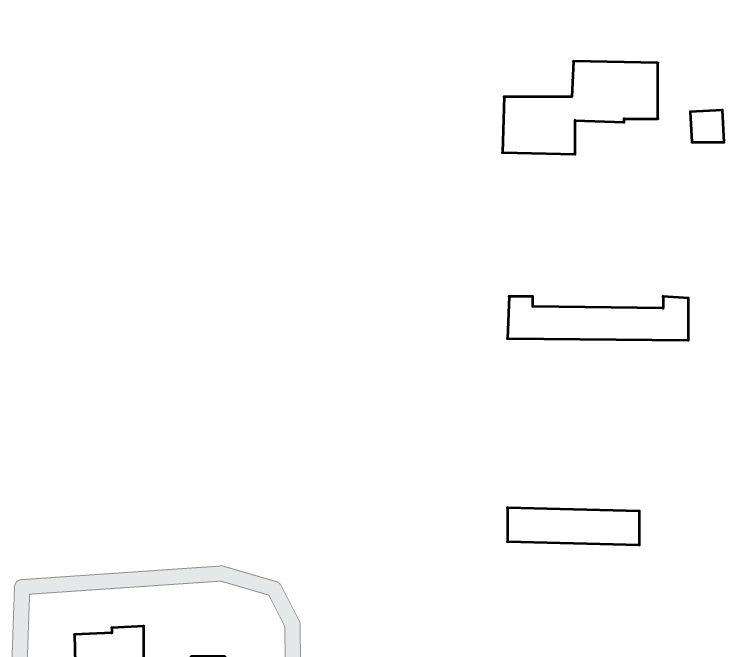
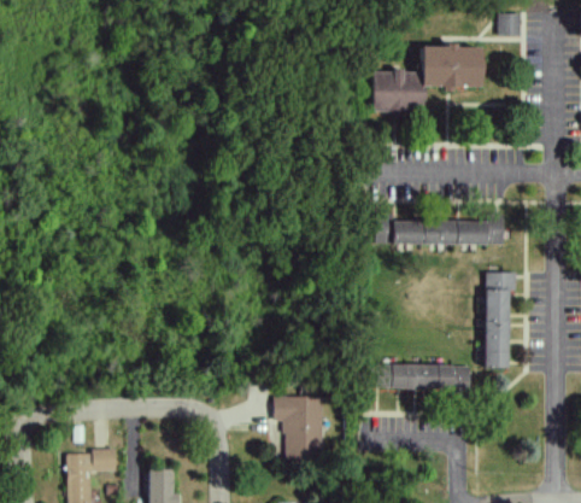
building: [690,110,724,142] -> [498,13,522,36]
building: none -> [483,273,516,368]
building: none -> [274,397,324,460]

